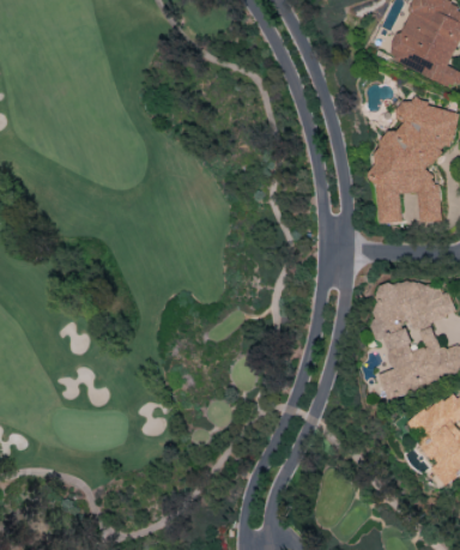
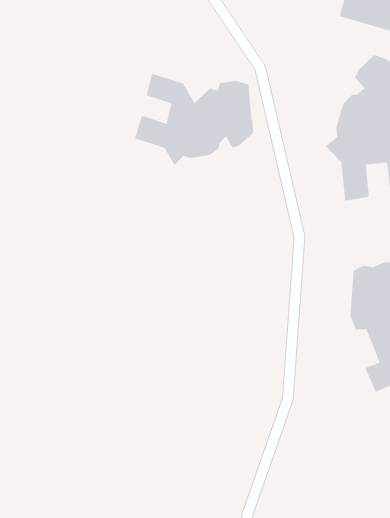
building: none -> [135,73,254,166]

